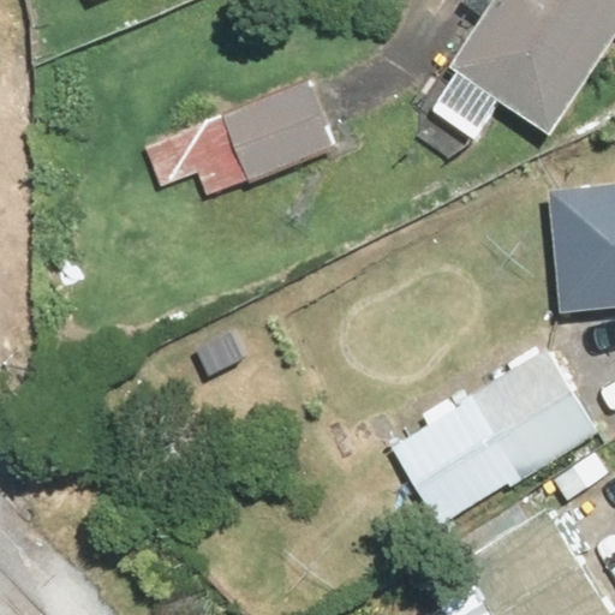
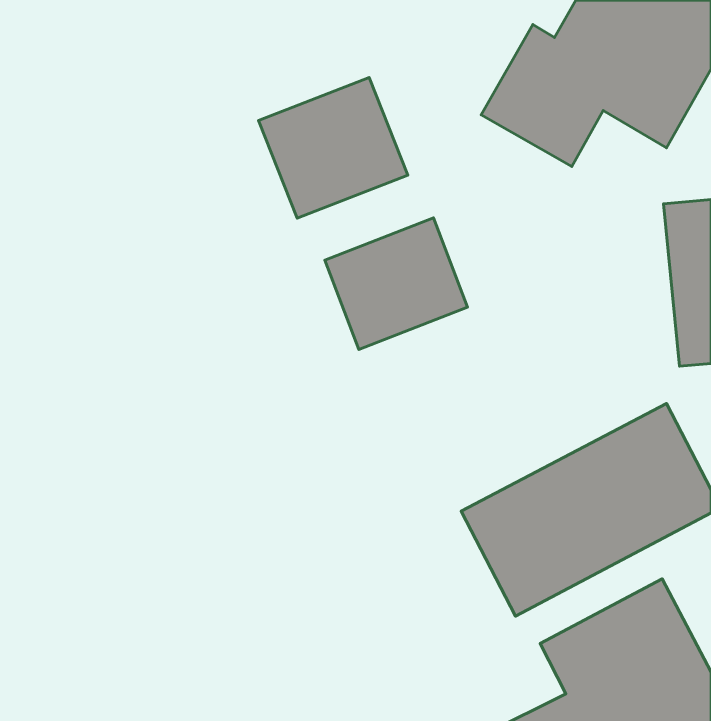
building: none -> [325,218,468,350]

